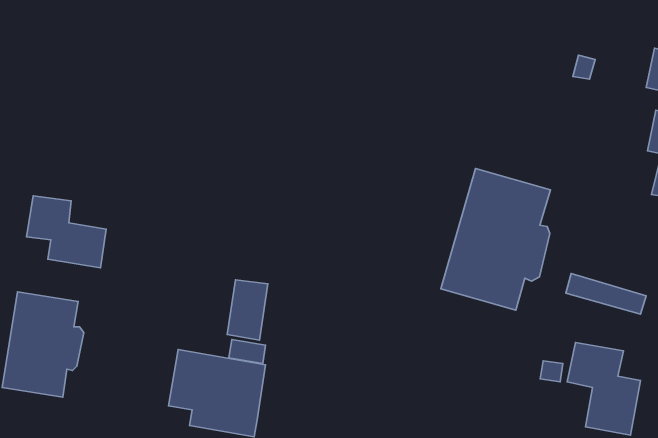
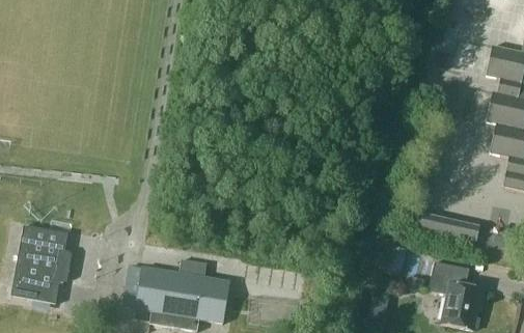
building: [441,168,550,310] -> none
building: [26,196,106,268] -> none
building: [227,280,268,340] -> [200,278,230,323]

